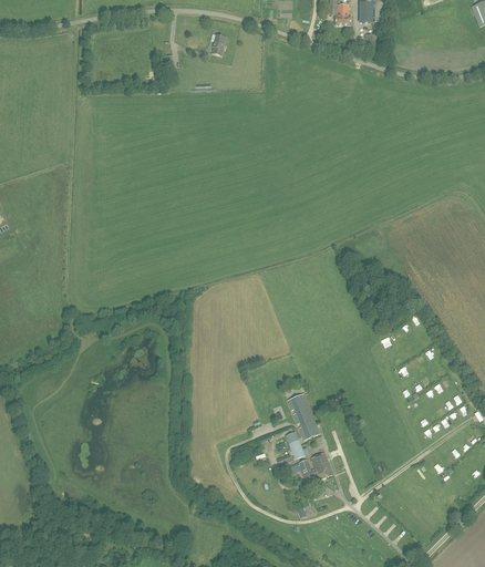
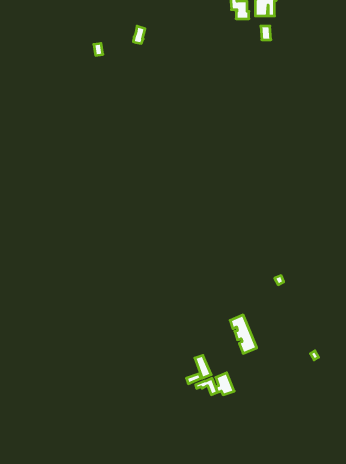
building: [288,392,320,439] -> [230,315,257,353]

